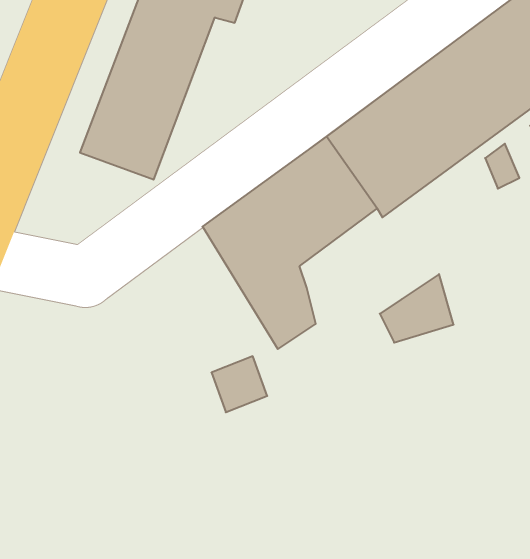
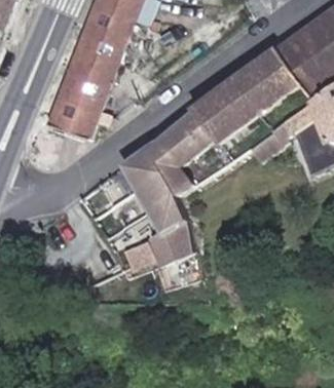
building: [380,274,454,343] -> [150,219,192,258]

